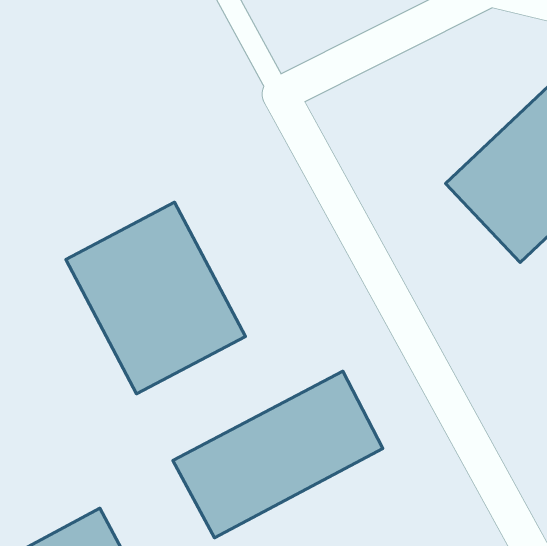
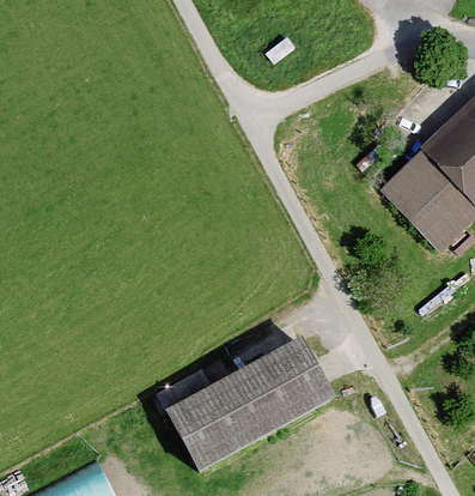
building: [66,202,245,394] -> none

